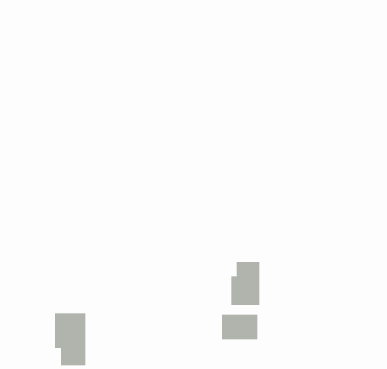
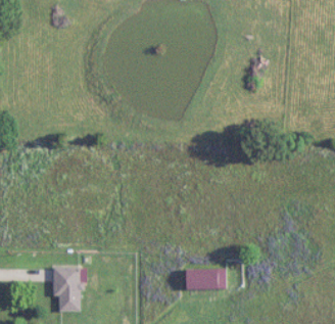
building: [231,261,260,306] -> none

